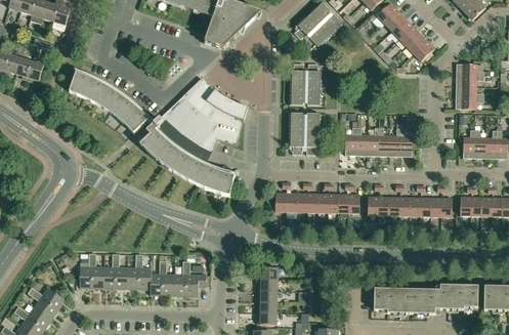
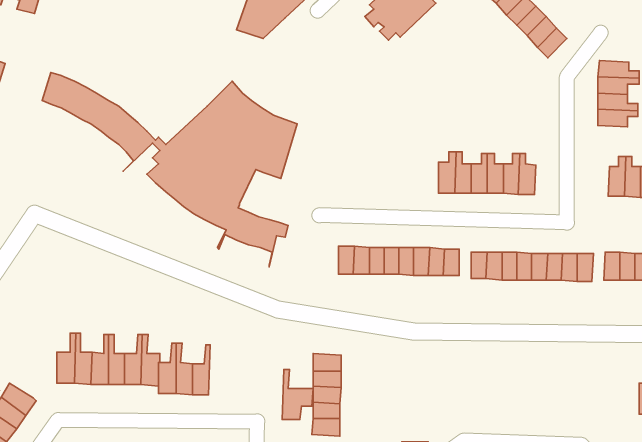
building: [290,64,322,106] -> none
building: [289,113,321,155] -> none
building: [185,261,207,296] -> [282,369,313,420]
building: [374,285,478,313] -> none

